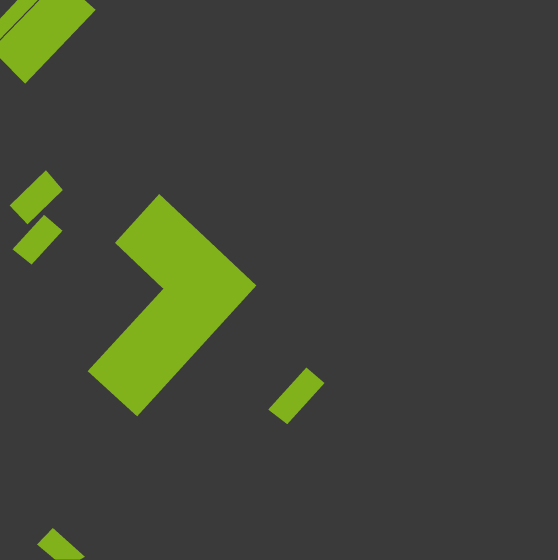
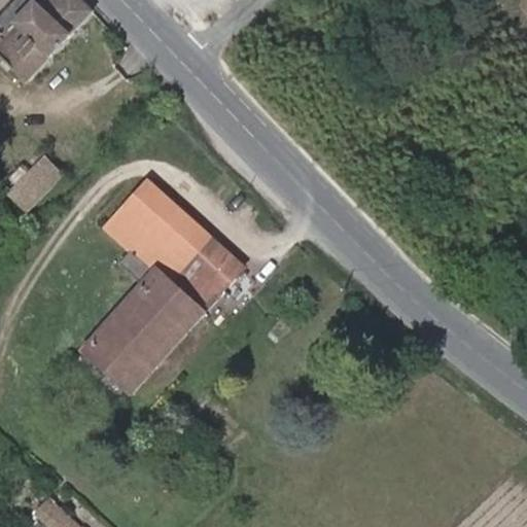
building: [12,214,63,266] -> none
building: [267,366,325,425] -> none

